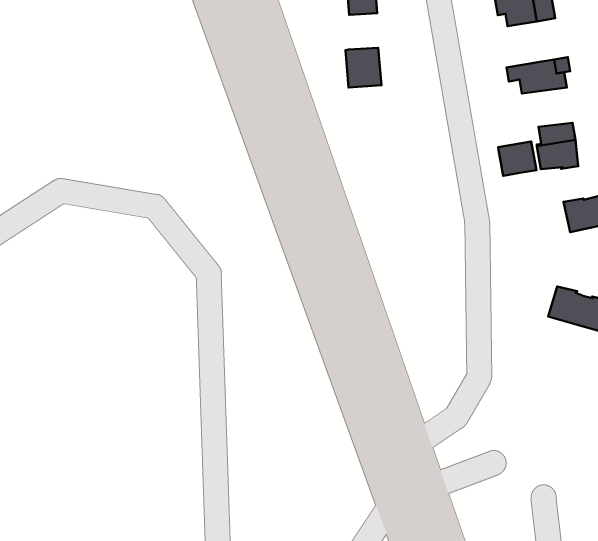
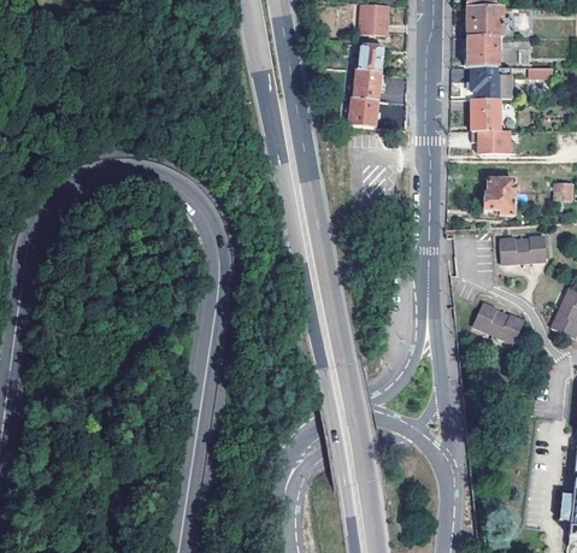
building: none -> [354,70,381,99]
building: none -> [472,99,508,130]
building: [498,141,536,176] -> none

